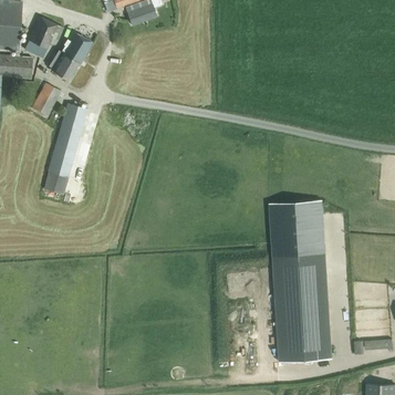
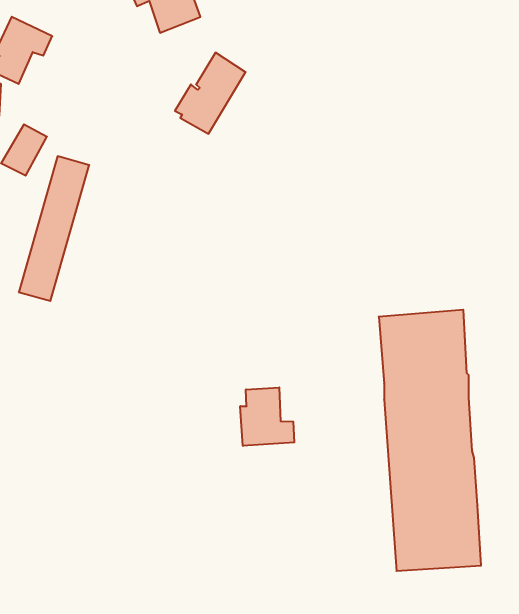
building: [49,30,93,81] -> [175,53,246,134]
building: none -> [240,387,294,446]

